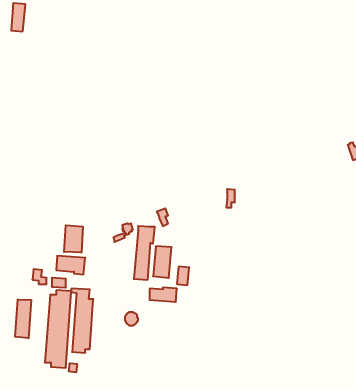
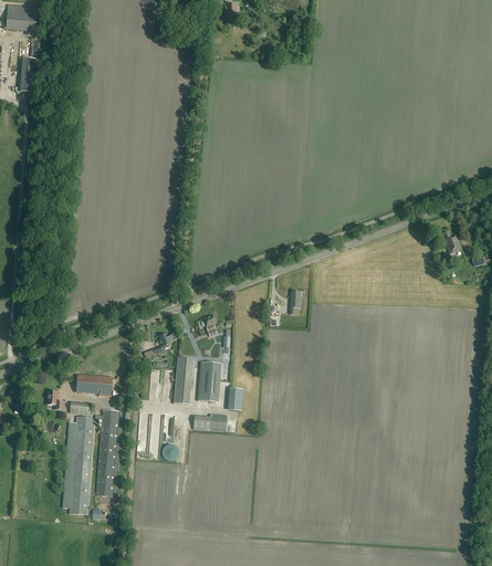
building: [64,225,83,253] -> none
building: [15,299,31,338] -> none

